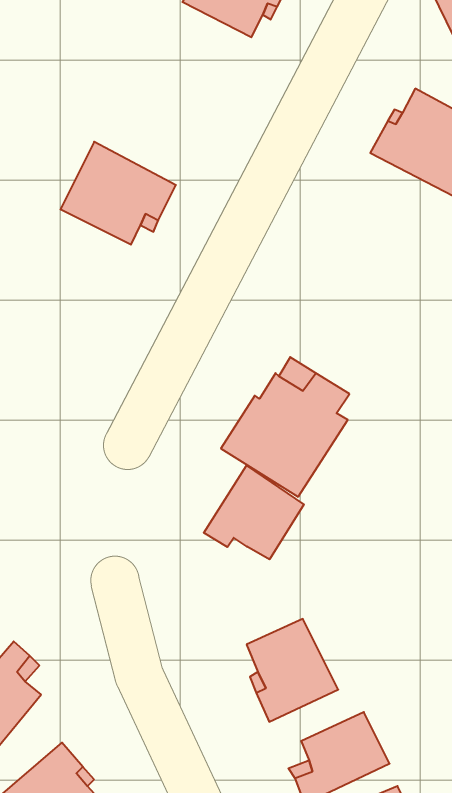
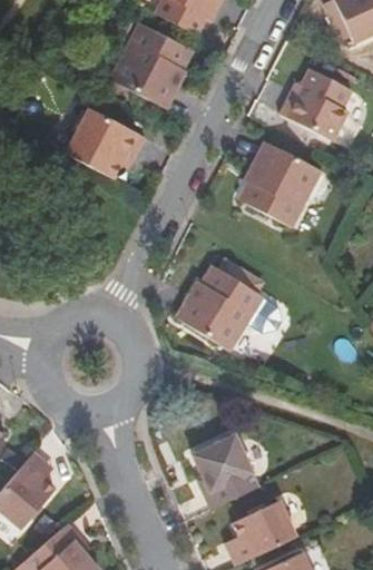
building: none -> [112,22,193,108]
building: none -> [241,144,322,229]
building: [204,465,304,559] -> none

